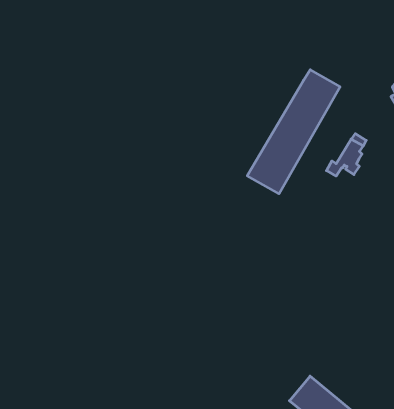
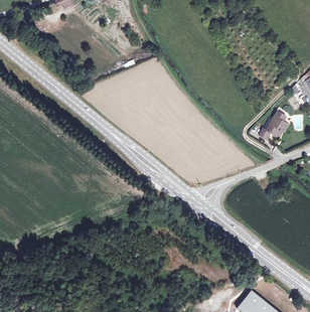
building: [247,70,340,194] -> none

